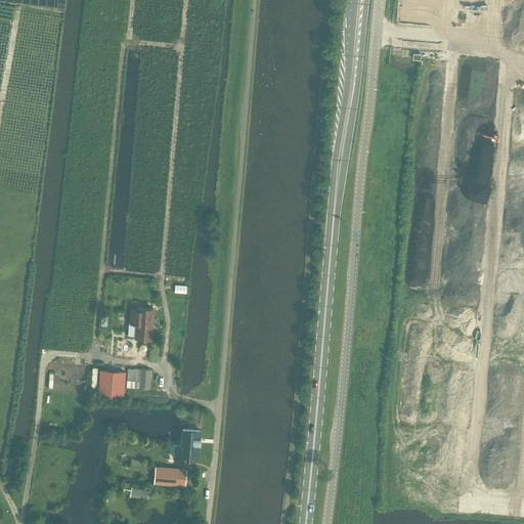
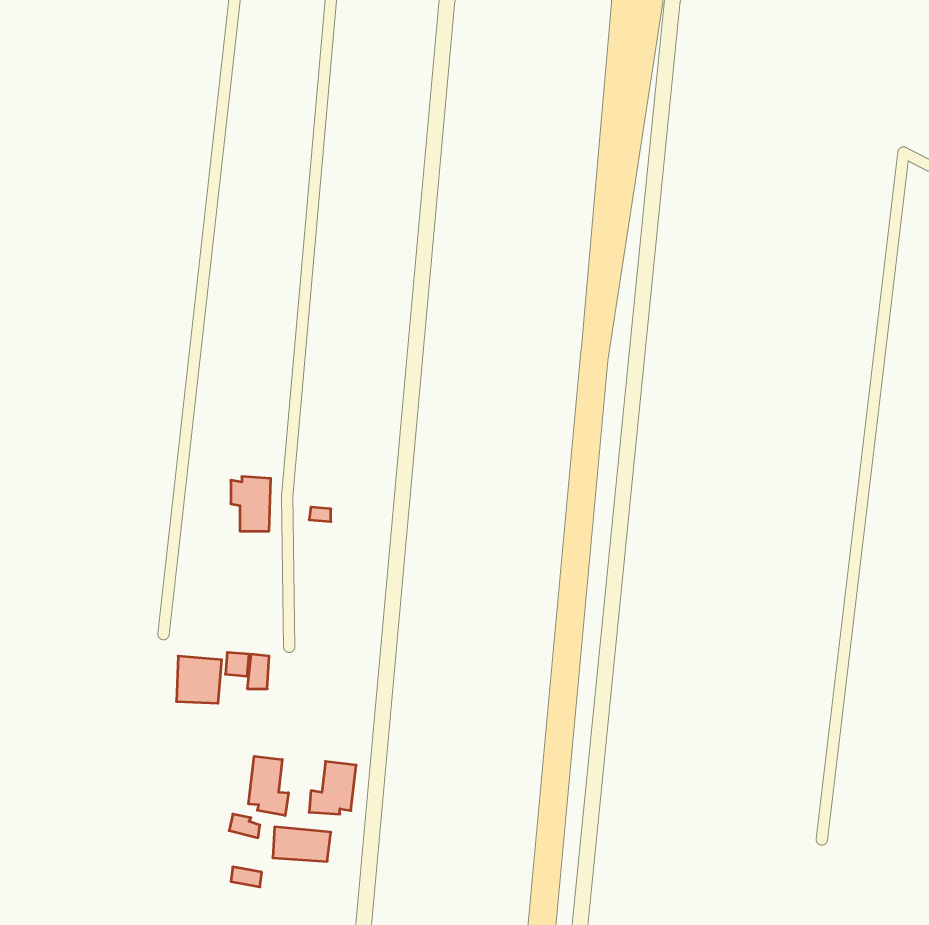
building: [130,309,152,340] -> [231,477,271,531]
building: none -> [249,756,288,816]

